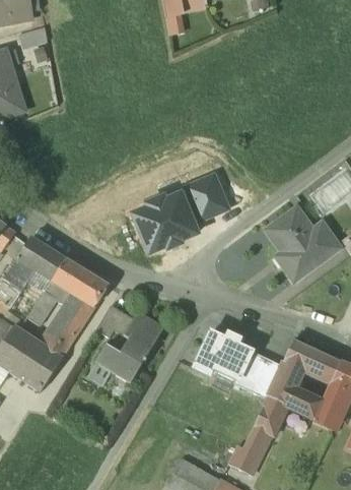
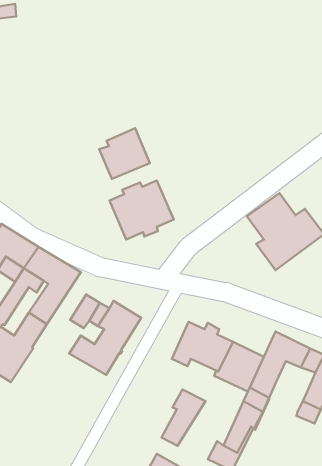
building: [180,174,228,223] -> [99,128,150,179]
building: [287,387,323,417] -> none
building: none -> [161,390,205,446]

